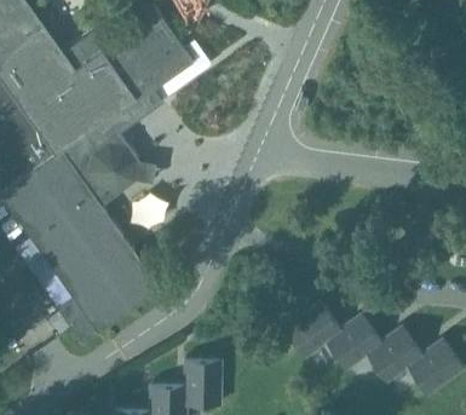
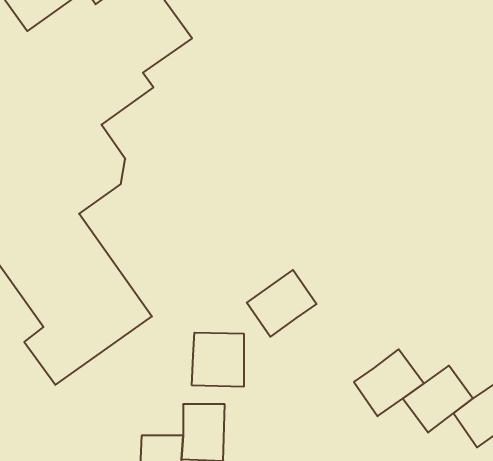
building: none -> [192,333,244,387]
building: [283,302,340,357] -> [247,270,317,337]

